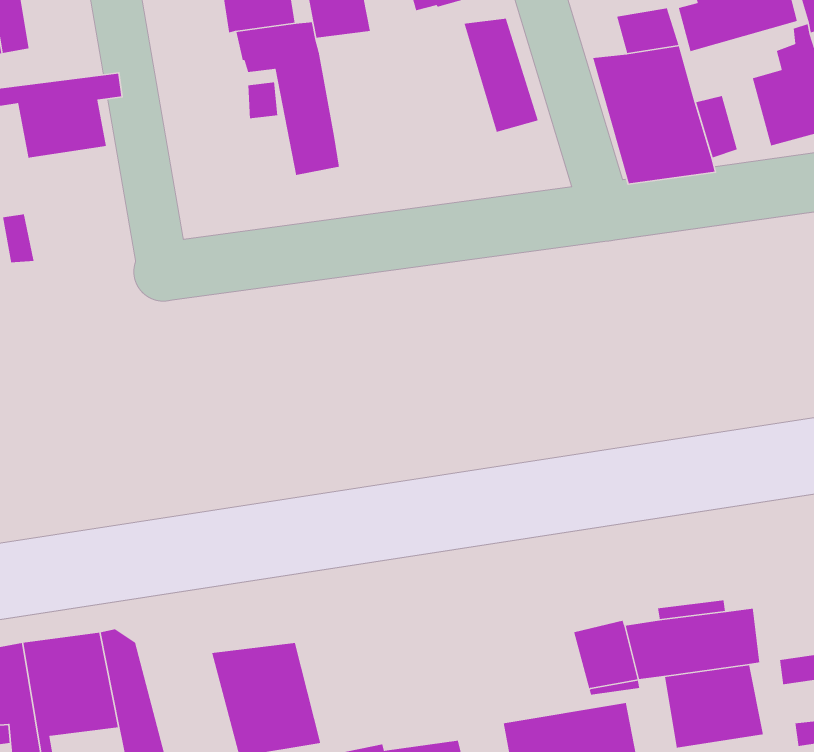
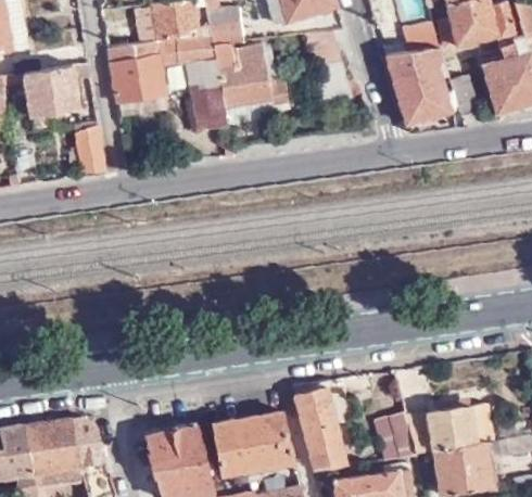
building: none -> [106,40,164,104]
building: none -> [213,44,287,105]
building: none -> [74,127,104,178]
building: none -> [292,379,350,468]
building: none -> [214,411,295,473]

